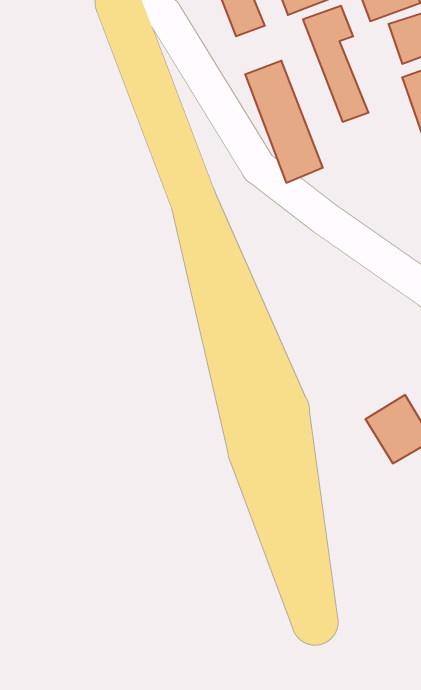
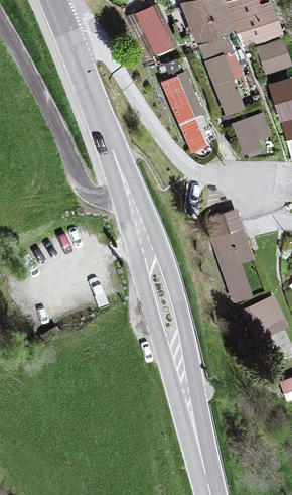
building: none -> [229,111,268,158]
building: none -> [216,226,256,298]

